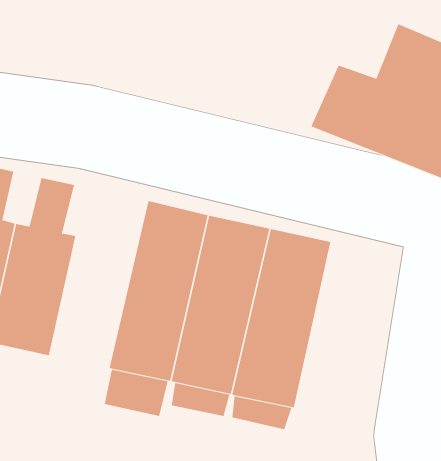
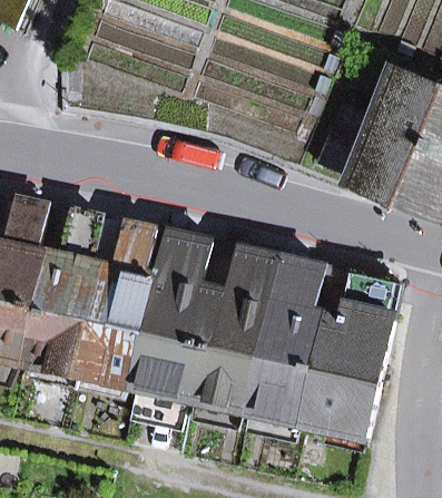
building: none -> [79,223,169,385]
building: none -> [304,270,401,437]

